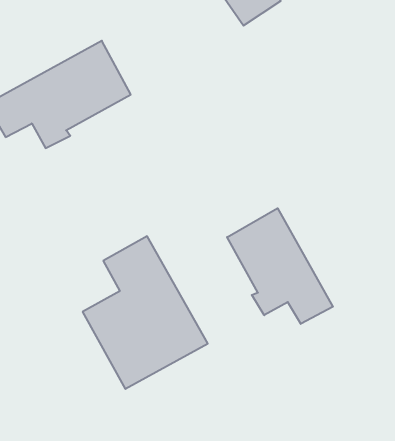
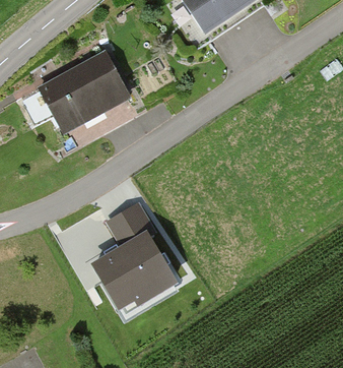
building: [227,208,333,324] -> none

